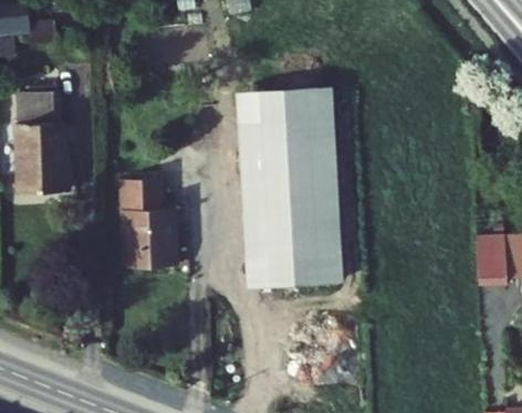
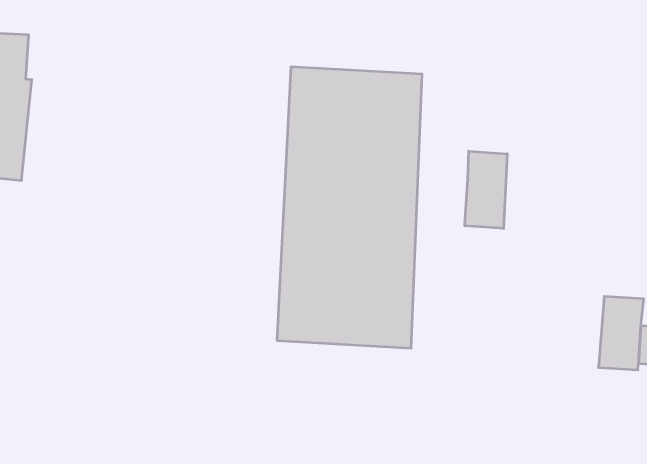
building: none -> [465,151,507,229]
building: [119,180,175,269] -> none

